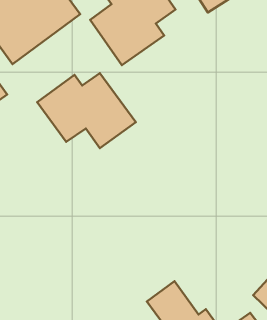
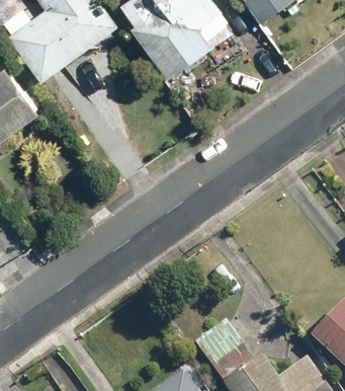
building: [37,73,136,148] -> none

